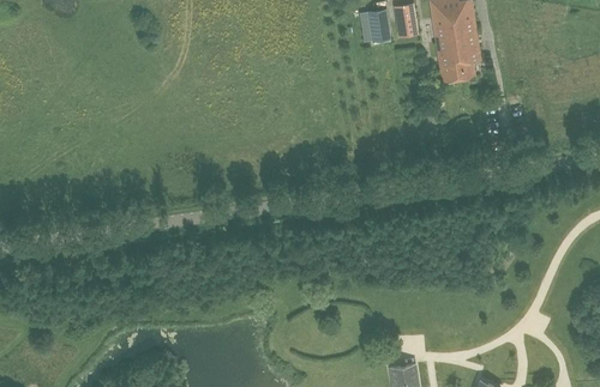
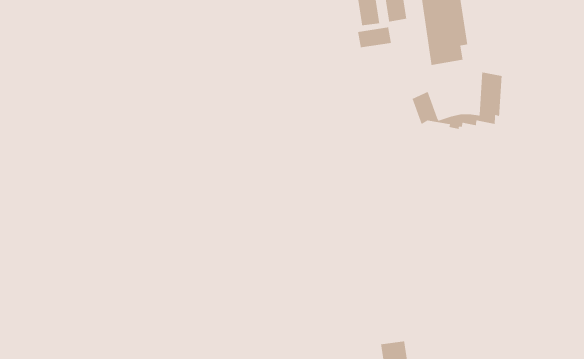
building: none -> [357,27,392,48]
building: none -> [412,72,503,130]

